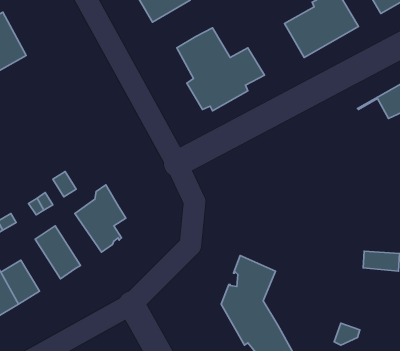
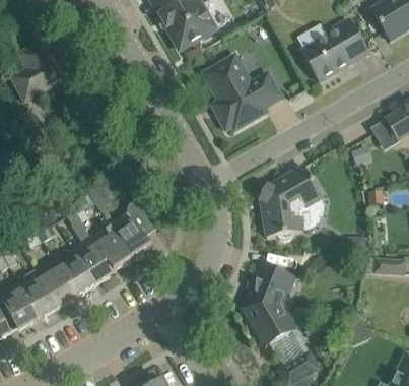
building: none -> [259,165,322,238]
building: none -> [90,223,133,271]
building: none -> [54,247,95,295]

